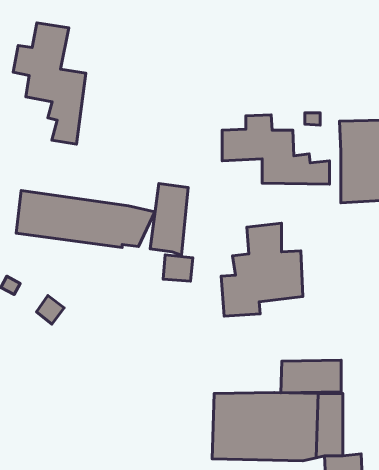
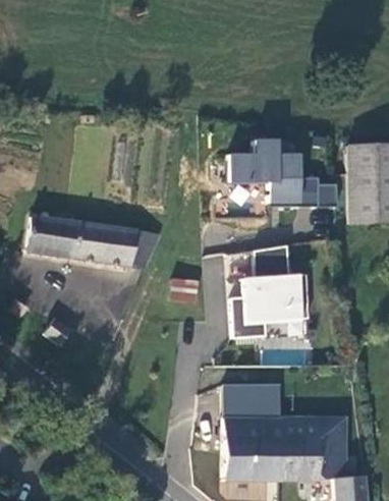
building: [13,23,86,144] -> none
building: [150,184,188,255] -> none
building: [281,360,341,393] -> [221,383,281,415]

